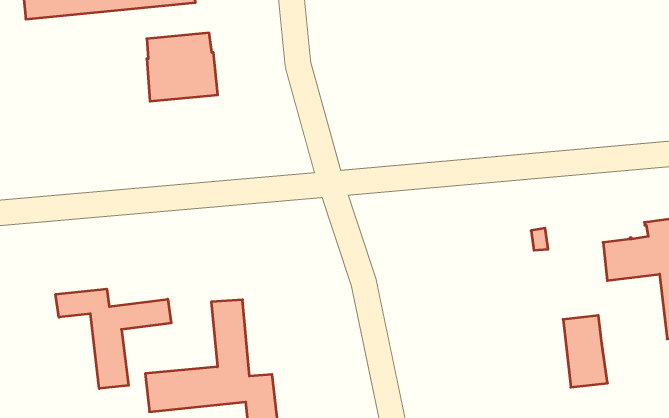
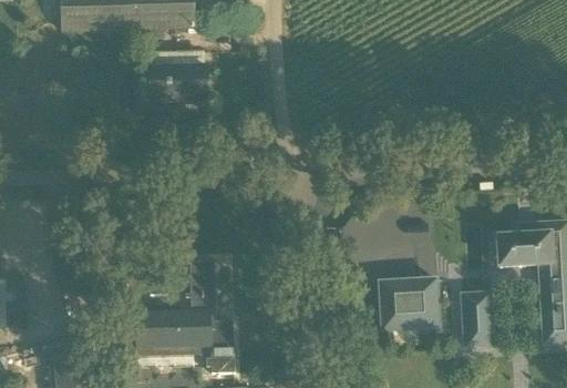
building: [56,289,171,389] -> none
building: none -> [379,282,436,334]

